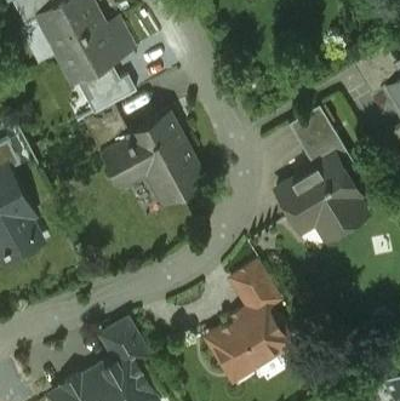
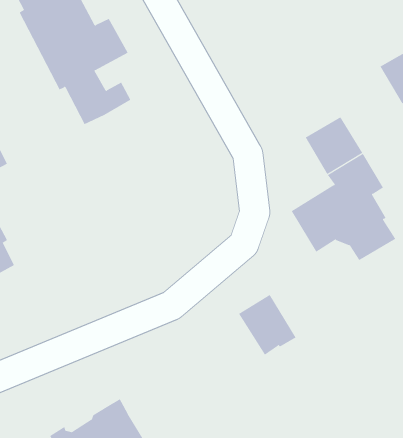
building: [82,108,202,195] -> none
building: [207,309,290,376] -> none
building: [99,321,149,368] -> none

